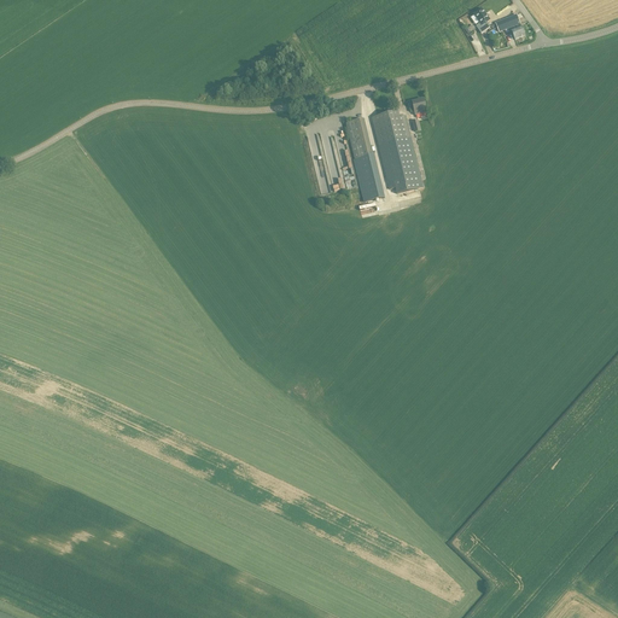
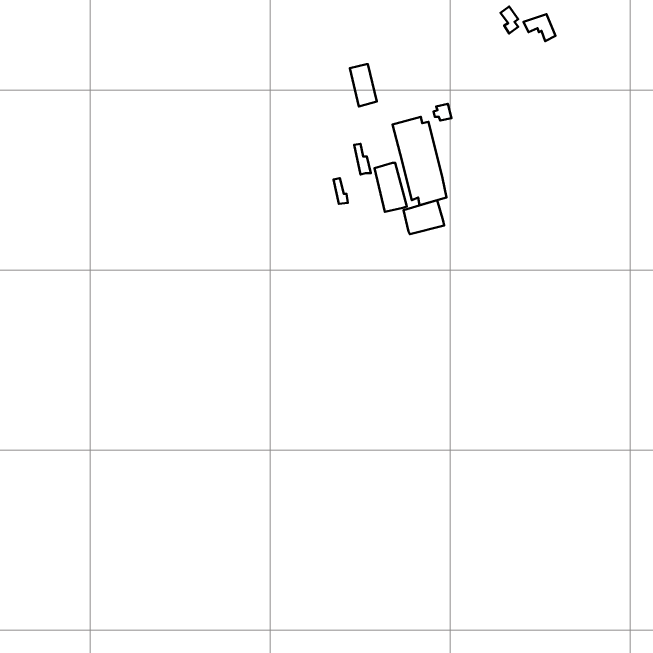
building: [344,118,369,158] -> [350,64,377,107]
building: none -> [403,200,444,234]

